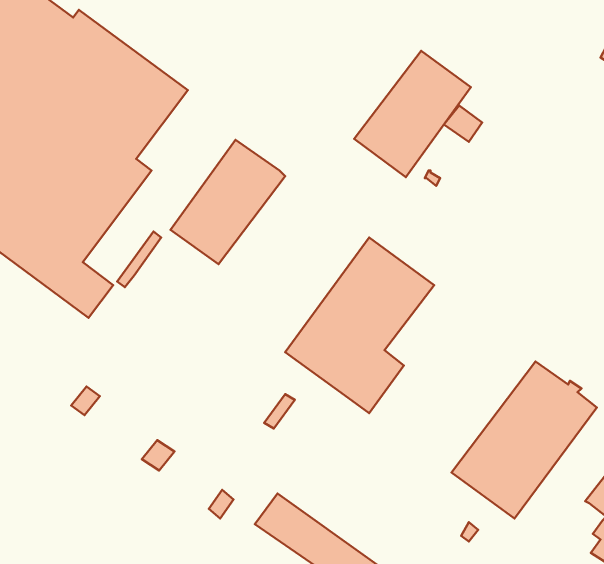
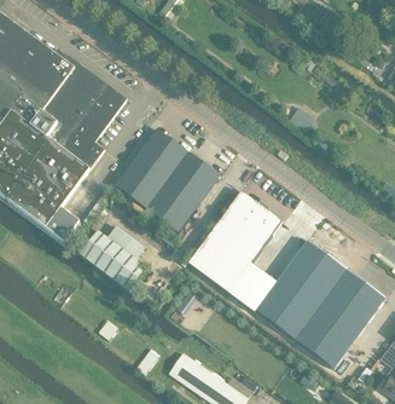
building: [354,51,471,177] -> [146,151,220,231]
building: none -> [80,225,145,288]
building: none -> [242,239,347,339]

